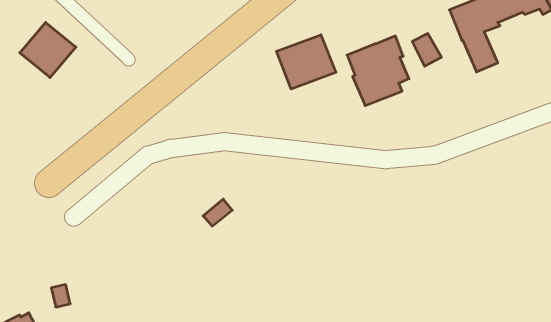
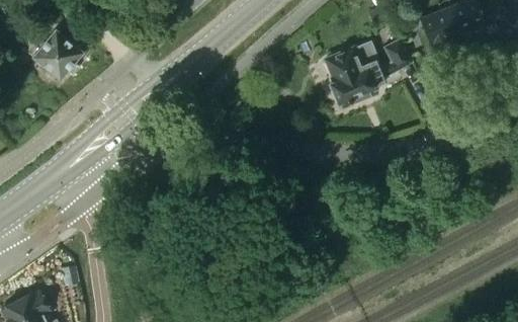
building: [276,35,336,89] -> none

